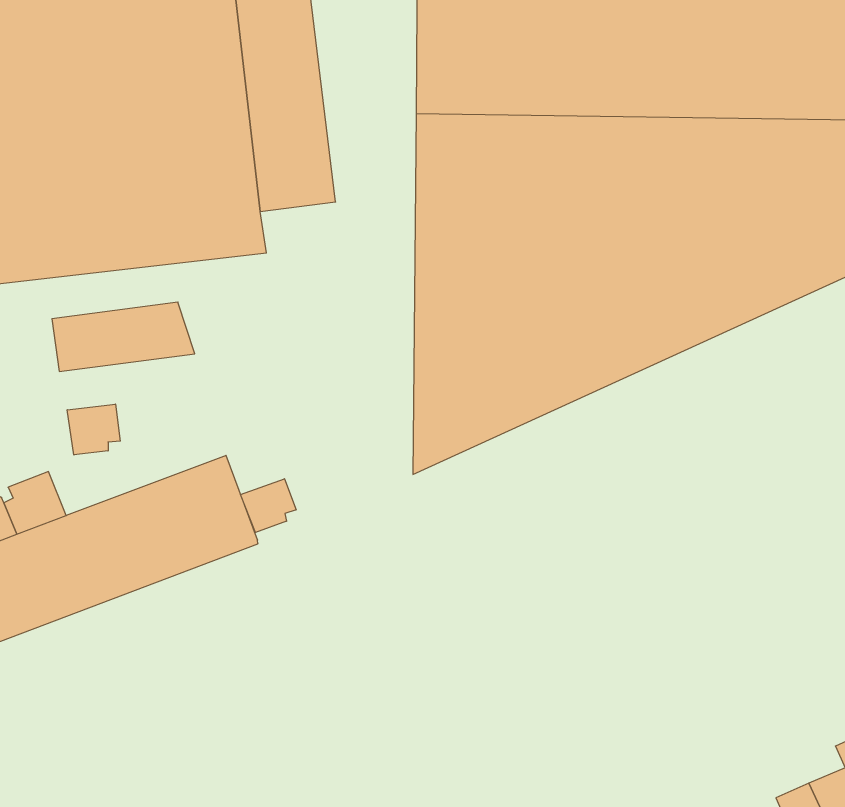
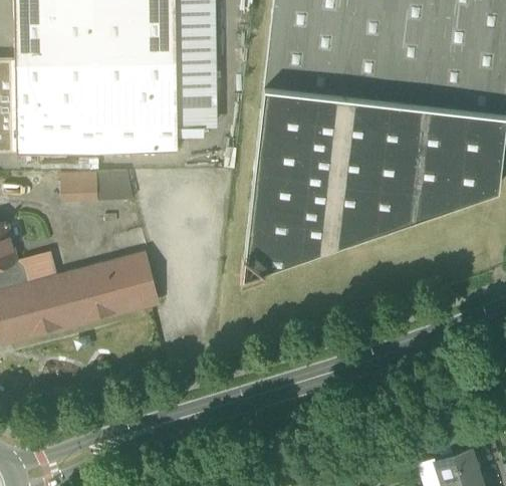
building: [67,404,120,455] -> none
building: [241,479,296,532] -> none

